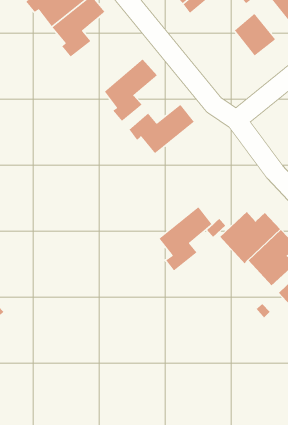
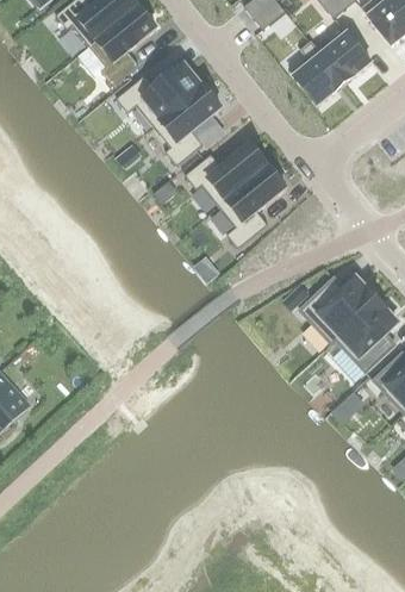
building: none -> [291,38,344,104]
building: none -> [117,61,204,125]
building: [159,206,213,272] -> [219,163,287,245]

